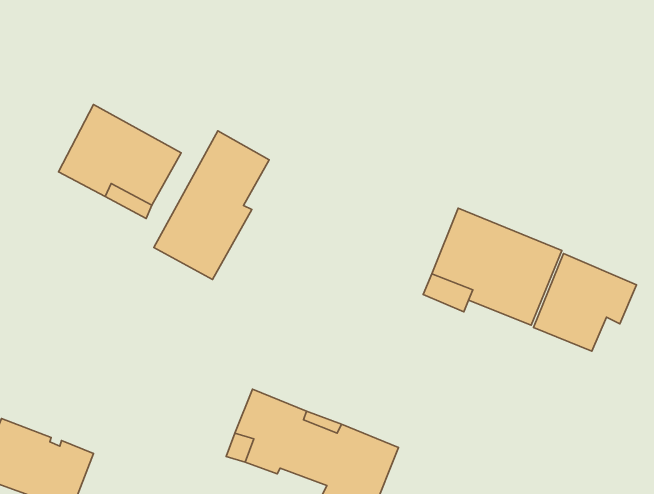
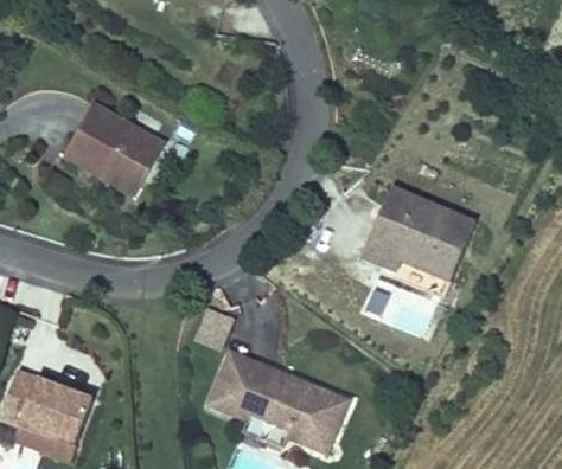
building: [154,131,269,280] -> none
building: [533,254,637,351] -> none

